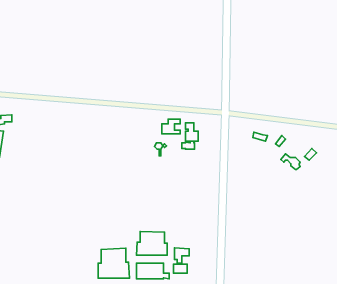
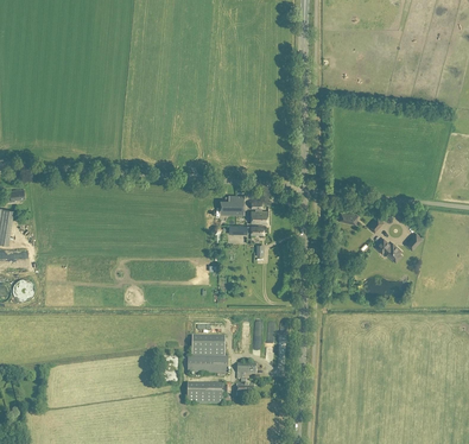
building: [98,248,130,278] -> none

